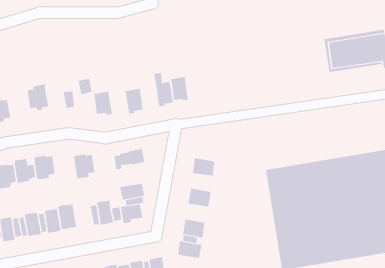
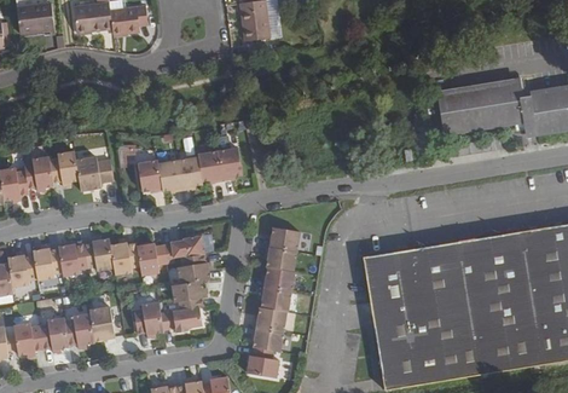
building: [170,77,189,101] -> [198,149,224,180]
building: none -> [25,155,54,190]
building: none -> [76,155,103,190]
building: none -> [158,158,184,190]
building: none -> [269,226,301,250]
building: none -> [85,237,115,270]
building: none -> [138,242,167,274]
building: none -> [179,252,210,282]
building: none -> [265,266,296,290]
building: none -> [257,306,288,330]

